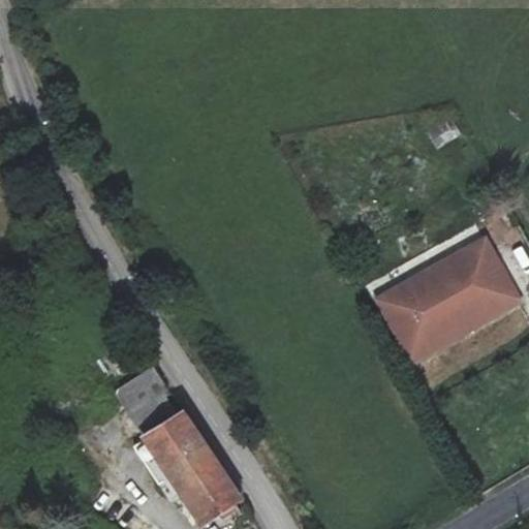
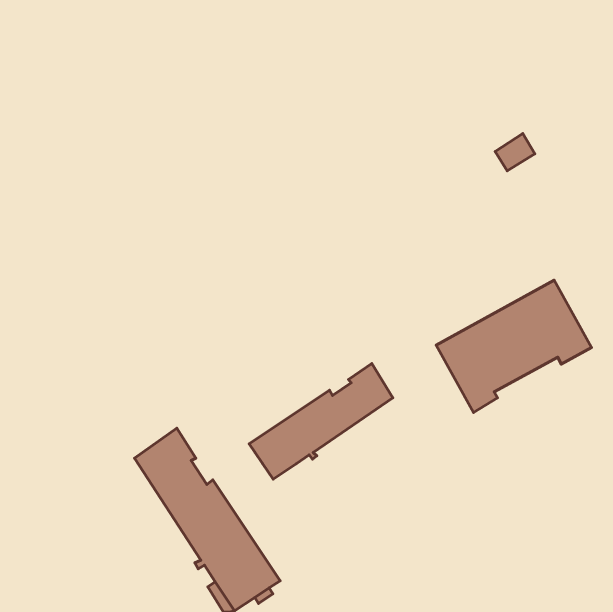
building: [408,239,517,359] -> none
building: none -> [249,363,393,479]

